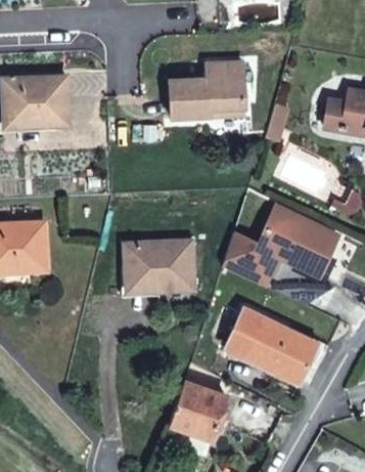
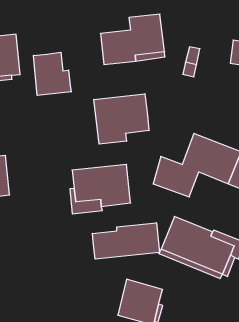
building: none -> [33,52,71,95]
building: none -> [94,94,149,144]
building: none -> [92,223,159,259]

